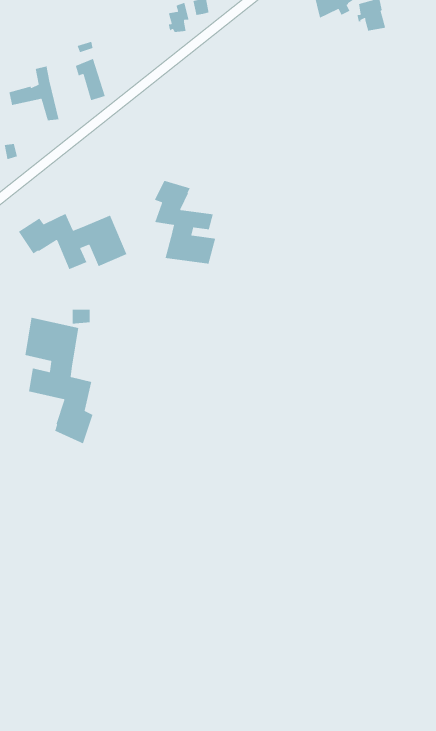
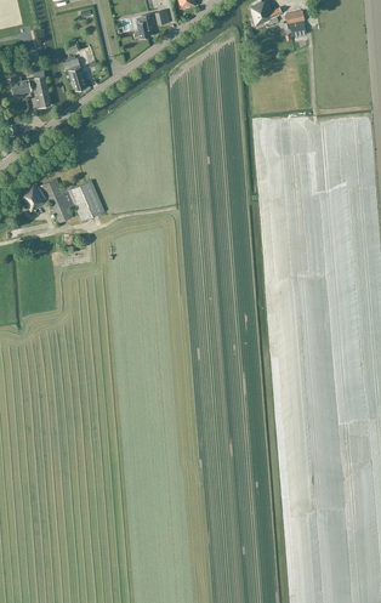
building: [154,180,216,264] -> none
building: [24,317,93,444] -> none

